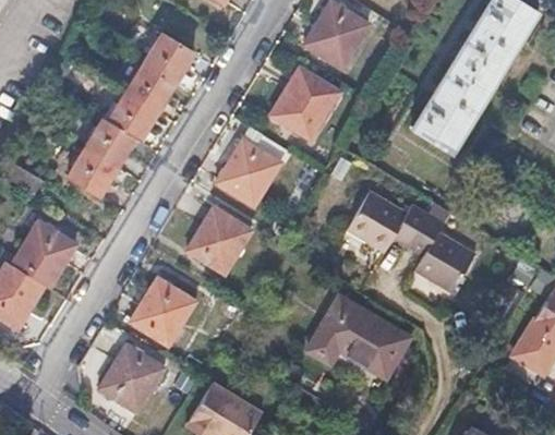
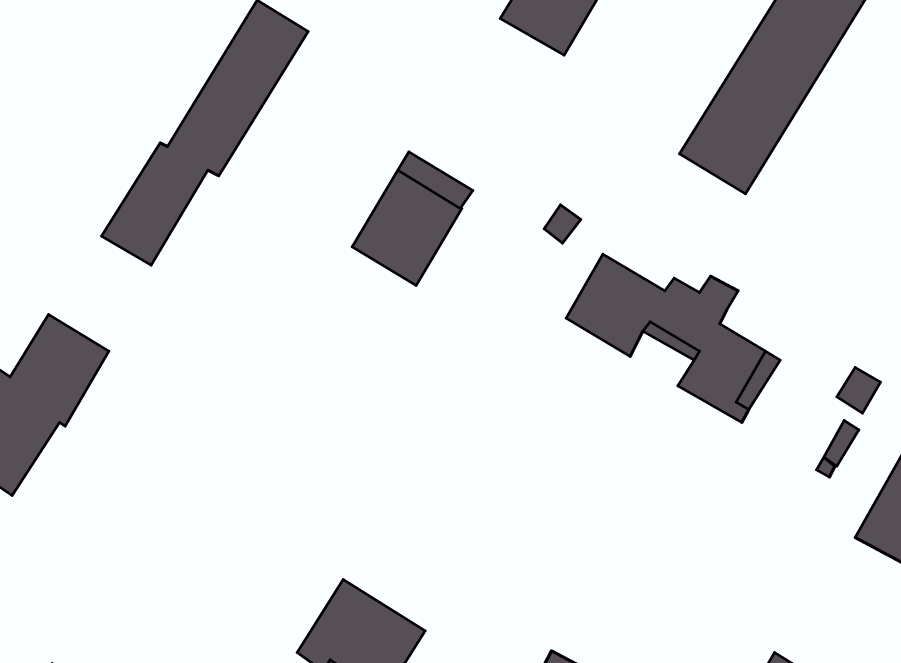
building: [270,67,337,136] -> none
building: [188,207,253,275] -> none
building: [126,278,193,346] -> none
building: [306,291,410,373] -> none
building: [97,345,161,411] -> none

